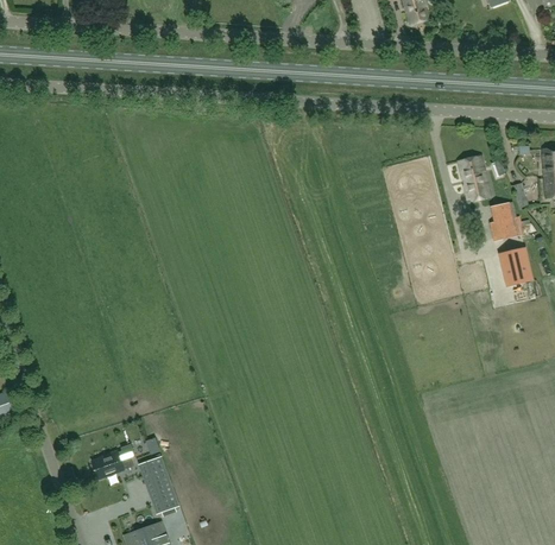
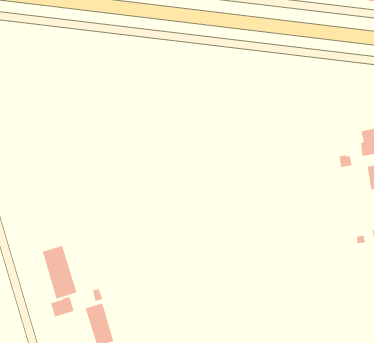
building: [458,156,491,202] -> none
building: none -> [42,245,77,299]

